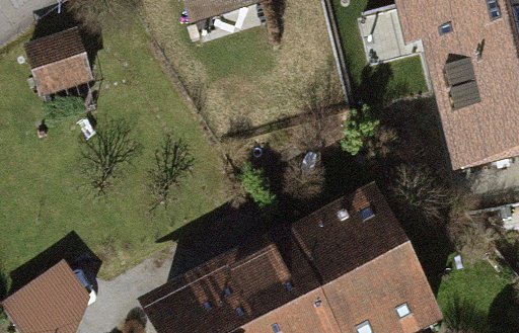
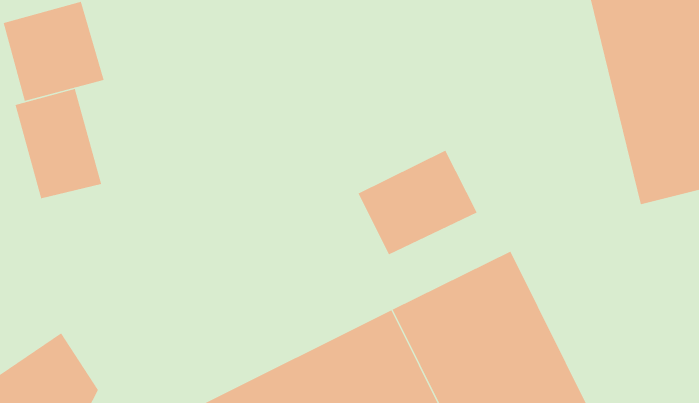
building: none -> [15,88,102,199]
building: none -> [358,150,477,255]

